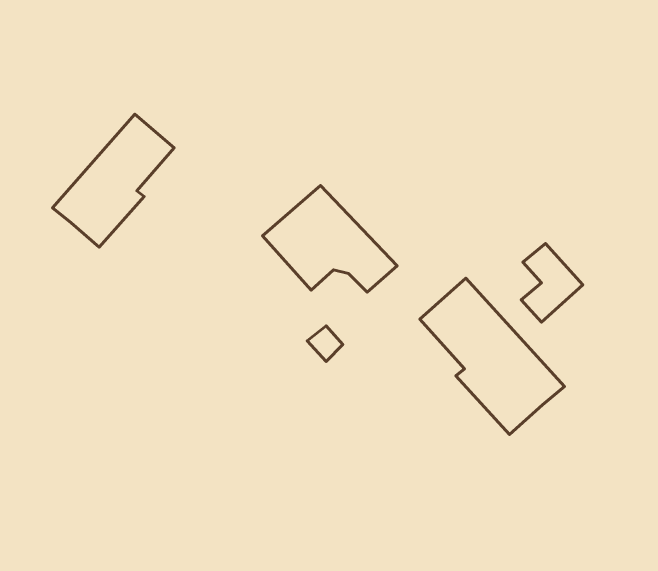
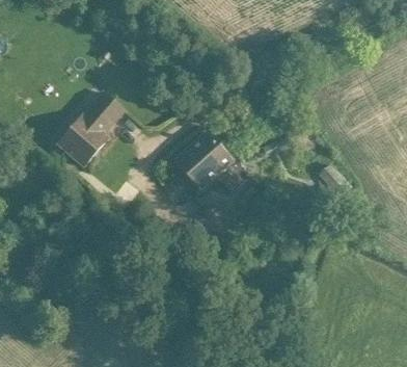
building: [420,278,564,434] -> none

